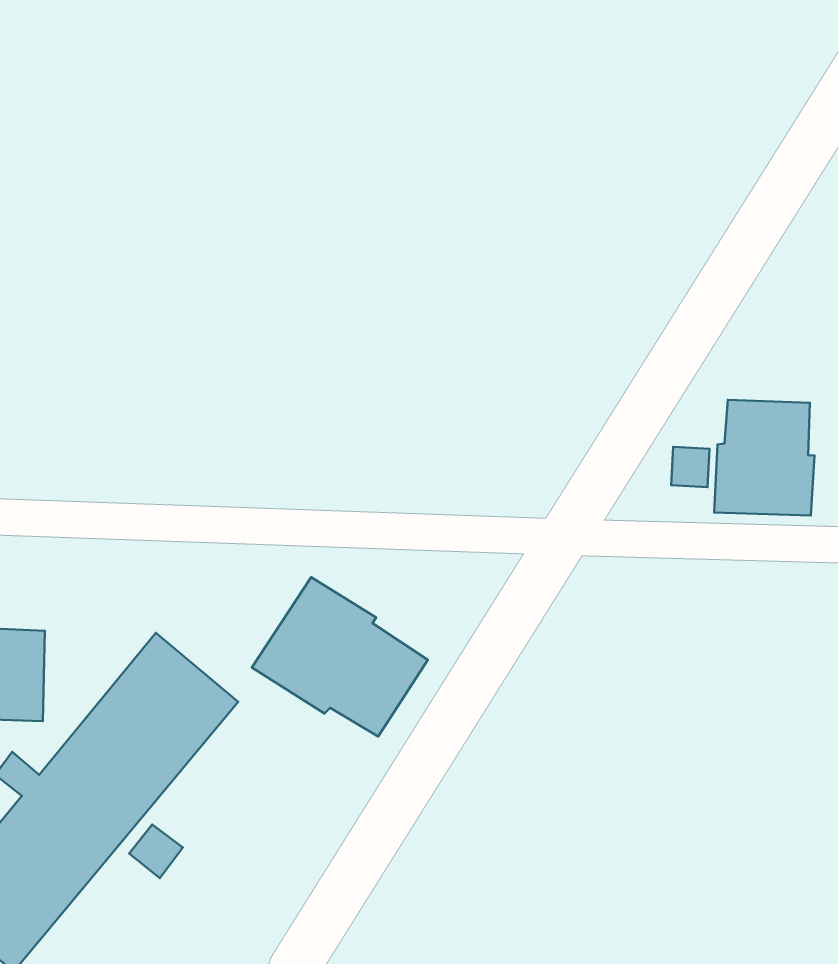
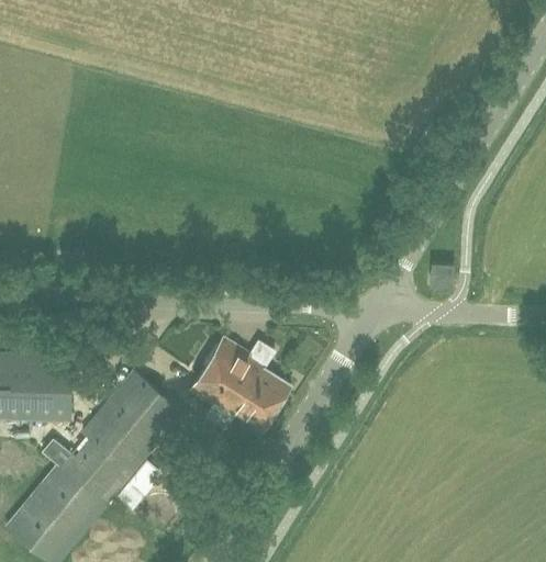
building: [714,400,814,515] -> none

